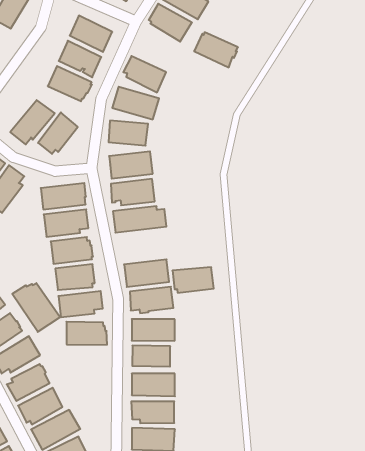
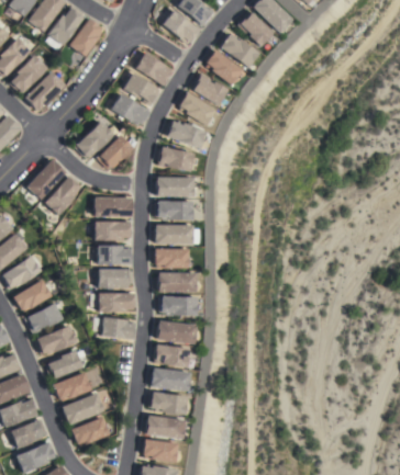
building: [194,32,238,67] -> [190,72,229,105]
building: [172,267,214,293] -> [155,248,189,268]
building: [12,283,60,332] -> none

